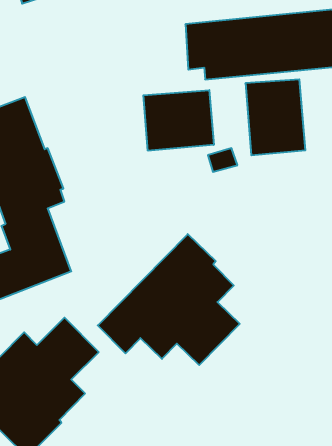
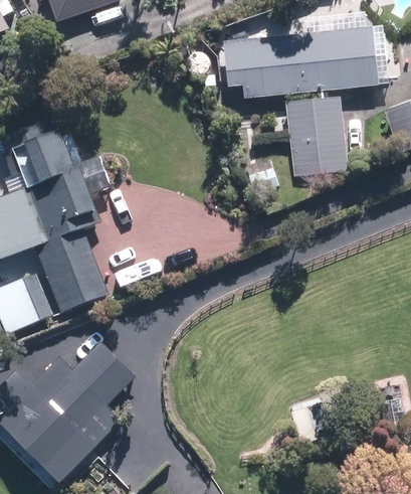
building: [143,90,214,151] -> none
building: [98,234,240,365] -> none

